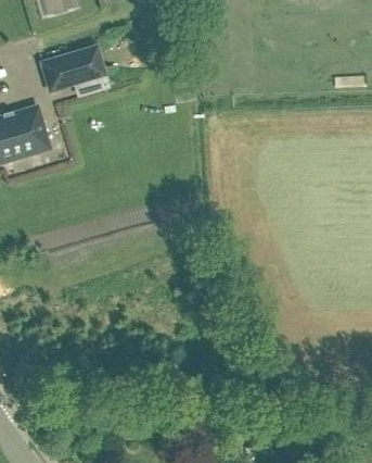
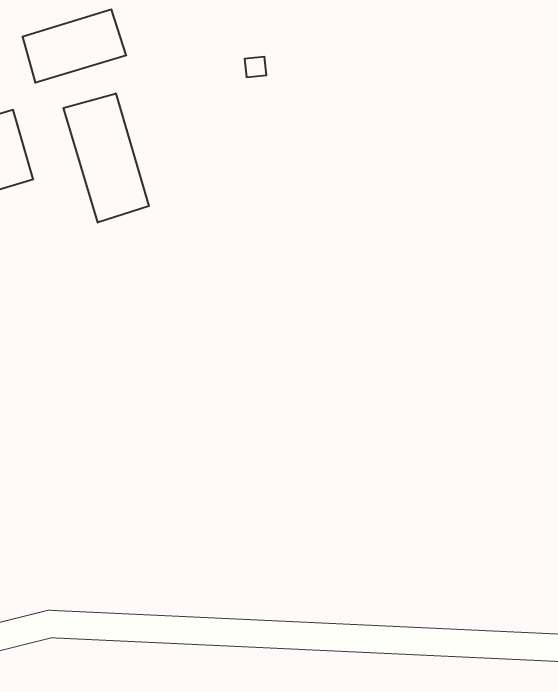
building: none -> [63,93,149,223]

